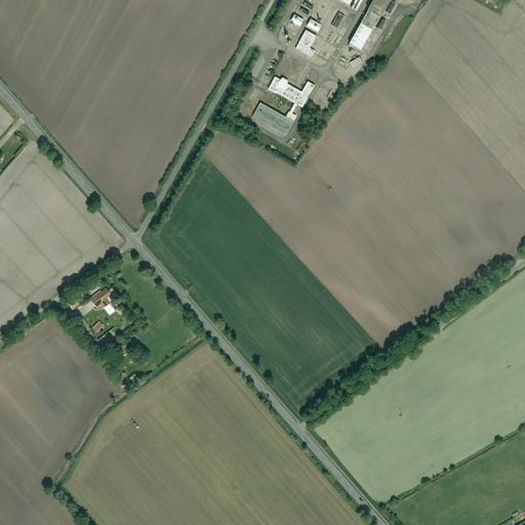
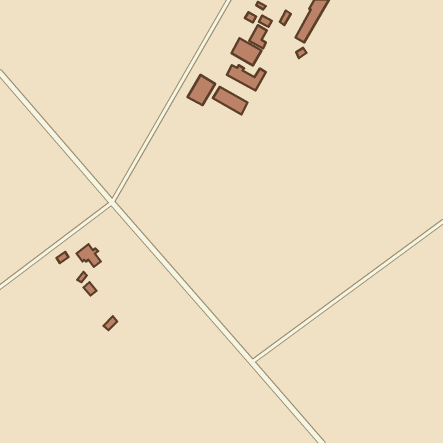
building: none -> [232,38,262,65]
building: none -> [188,75,215,105]

